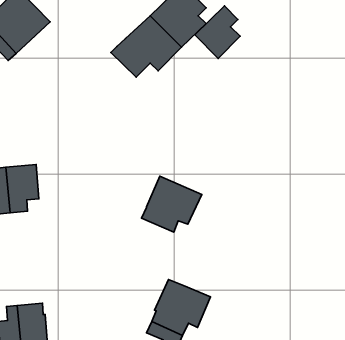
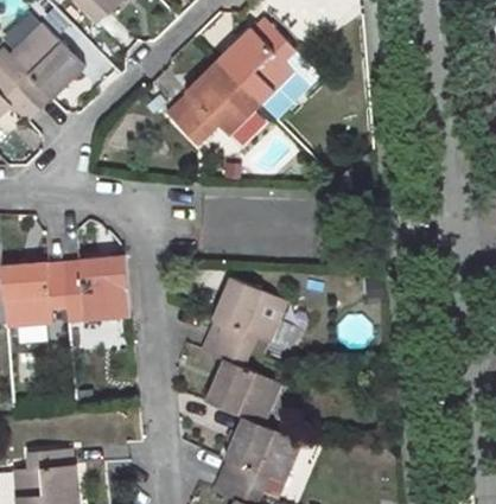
building: [195,6,240,58] -> none
building: none -> [65,255,132,320]
building: none -> [202,334,282,426]

